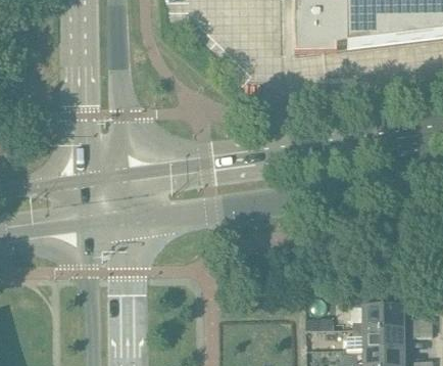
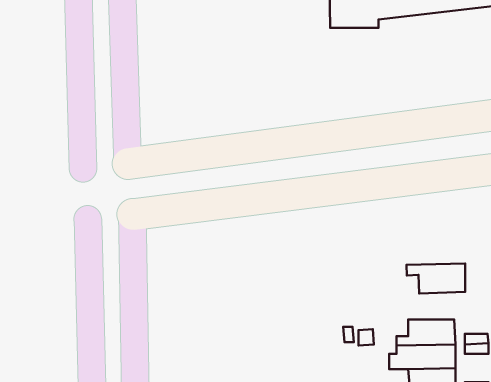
building: none -> [406,264,465,294]

